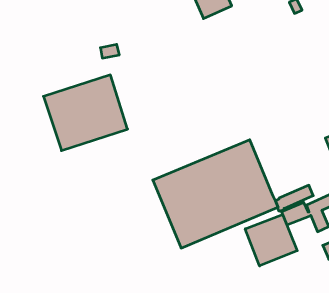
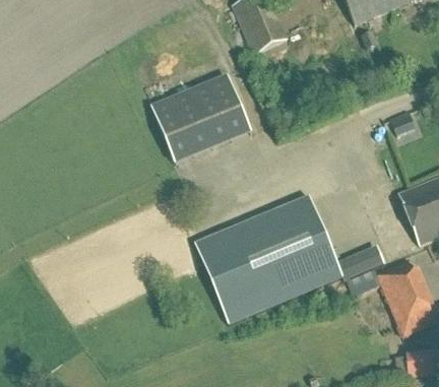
building: [43,75,128,151] -> [156,65,256,154]
building: [245,214,297,266] -> none

